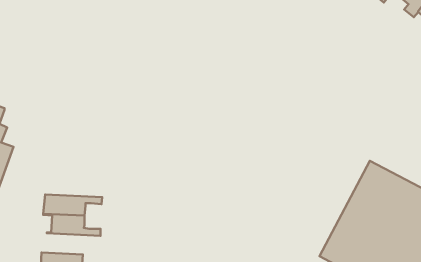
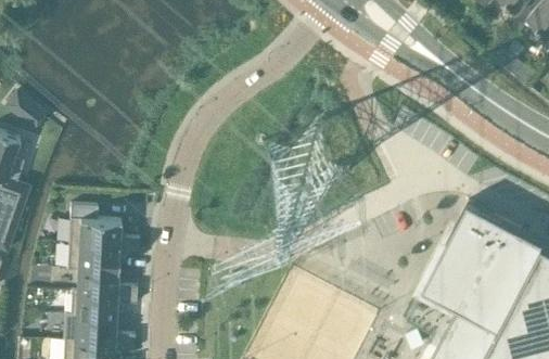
building: none -> [69,206,140,248]
building: none -> [65,293,138,319]

